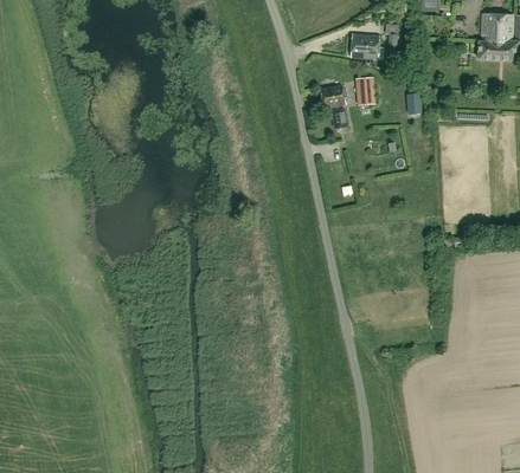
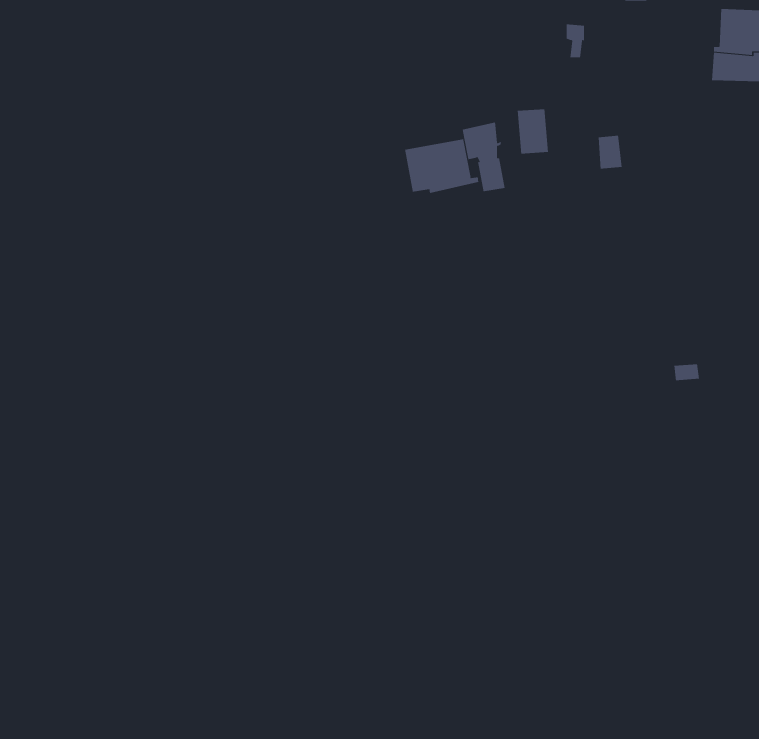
building: [349,33,383,59] -> none
building: none -> [404,138,479,194]

